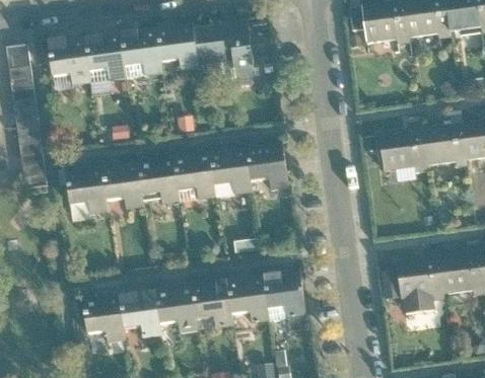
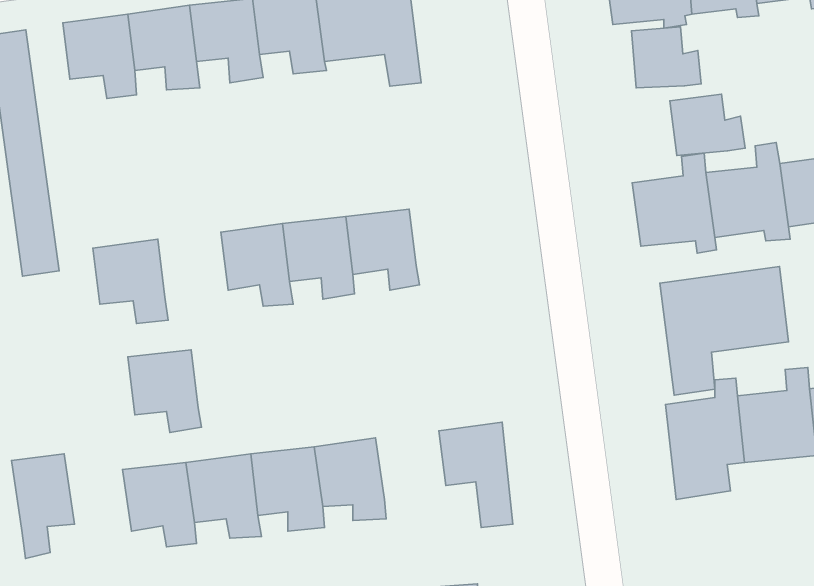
building: none -> [631,27,701,88]
building: none -> [670,94,745,156]
building: [248,145,289,192] -> none
building: [102,163,145,211] -> [128,350,202,433]
building: none -> [660,266,788,395]
building: [228,278,271,325] -> none
building: none -> [11,454,75,559]

